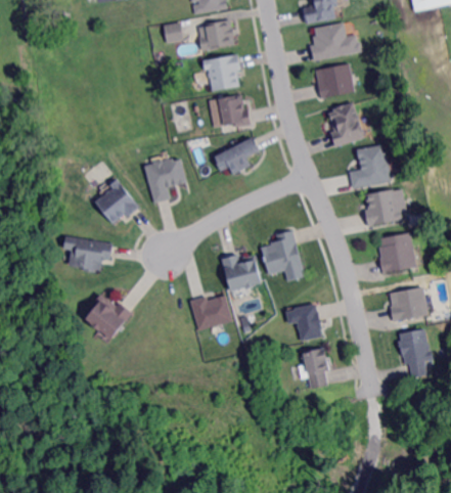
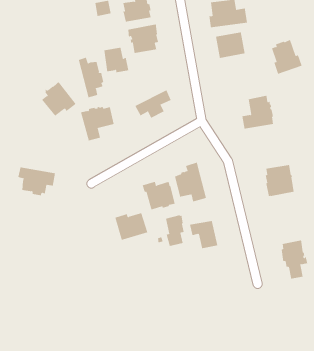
building: [220,94,253,127] -> [103,47,129,73]
building: none -> [78,57,104,98]
building: [328,102,368,147] -> [271,39,303,75]
building: [95,178,140,223] -> [41,81,77,117]
building: [364,189,403,226] -> none
building: [390,286,430,321] -> none
building: [87,297,132,339] -> none
building: [305,348,329,389] -> [165,214,184,247]

